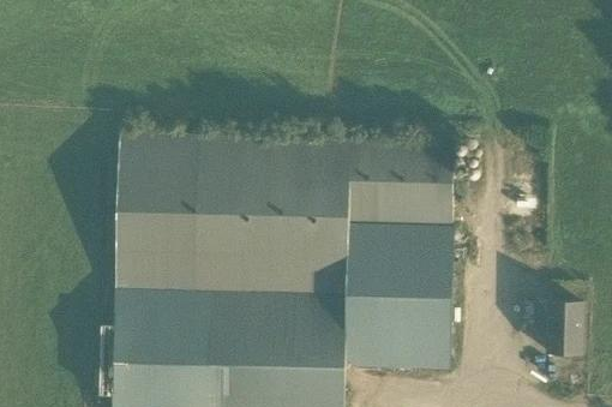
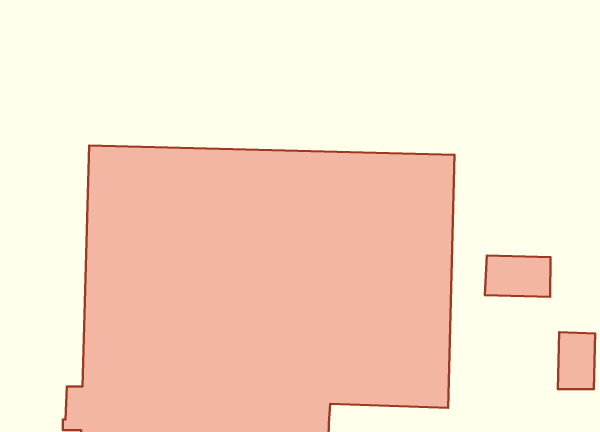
building: none -> [485,255,551,297]

